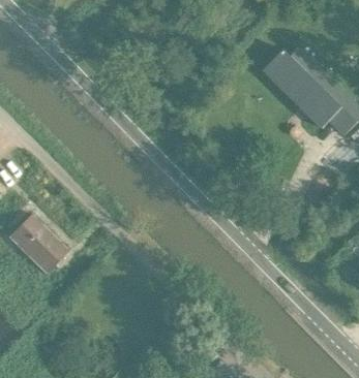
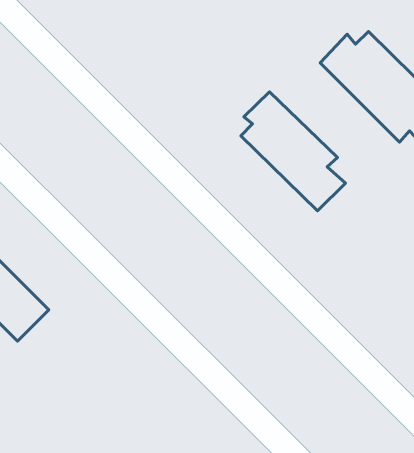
building: none -> [241,92,345,211]

